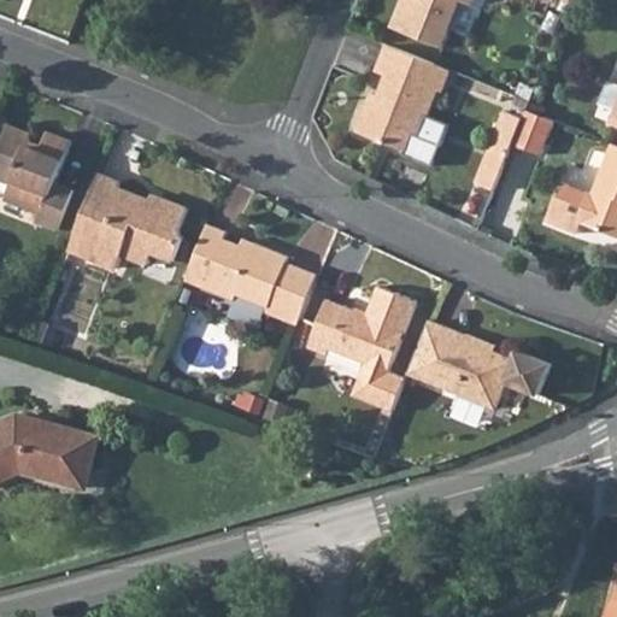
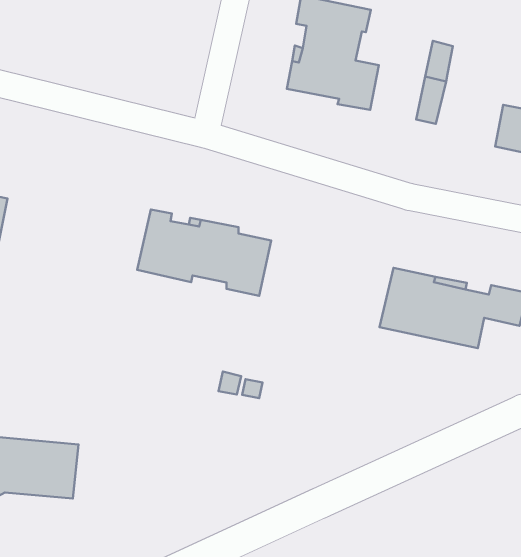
building: [511,110,553,154] -> none
building: [66,174,186,268] -> none
building: [306,286,416,410] -> none

